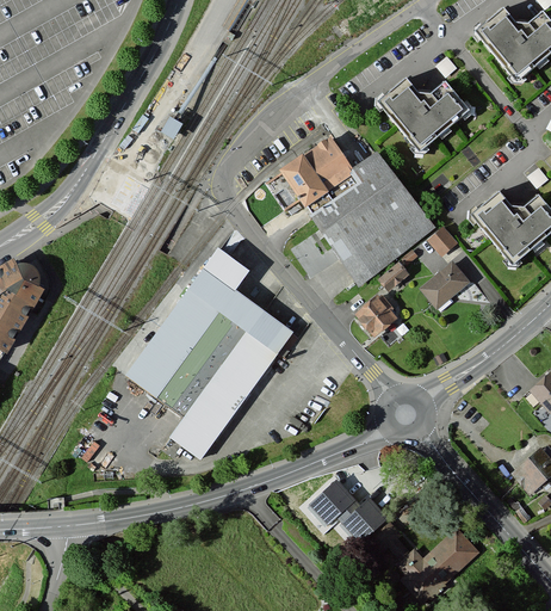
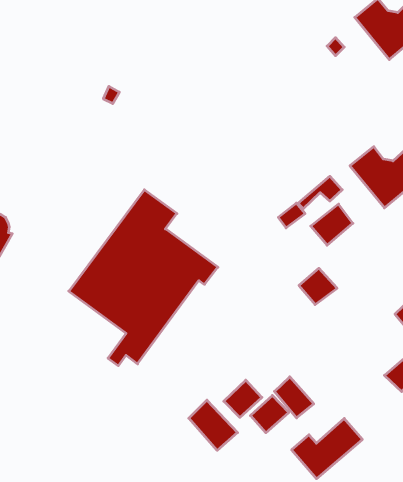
building: [373,74,468,150] -> none
building: [270,141,434,279] -> none
building: [353,292,401,338] -> [299,268,337,305]
building: none -> [274,377,314,418]
building: none -> [189,400,238,450]

